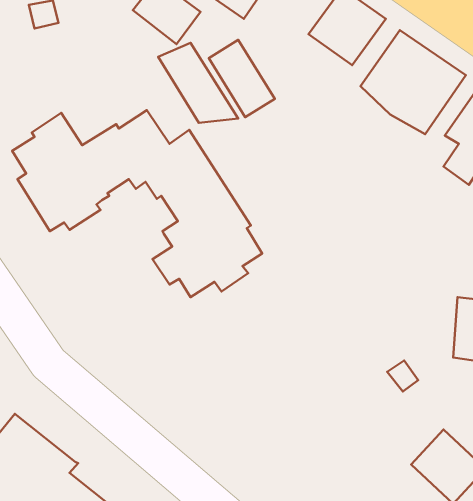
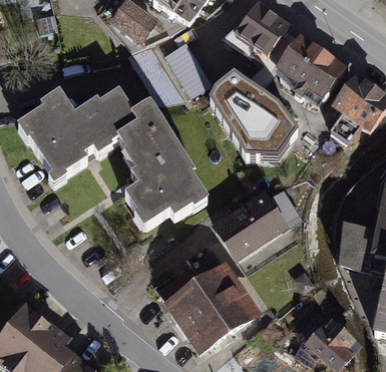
building: none -> [209,74,299,160]
building: none -> [209,187,305,265]
building: none -> [152,248,258,355]

